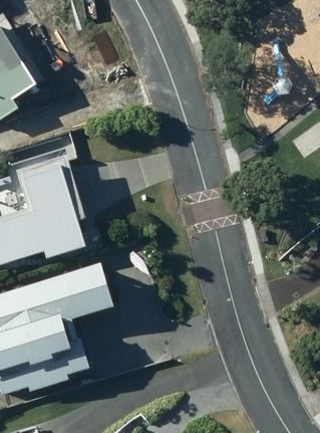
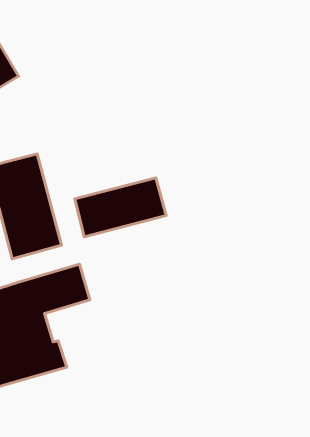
building: none -> [75,178,166,237]

